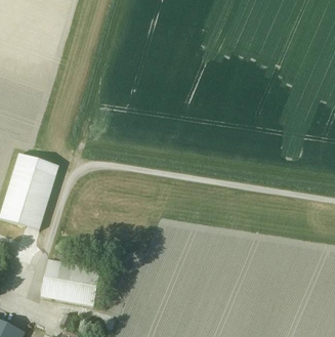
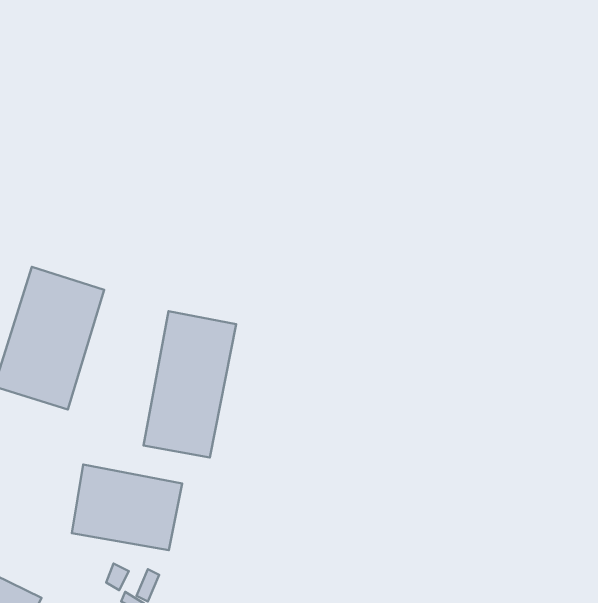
building: none -> [144,311,236,458]

